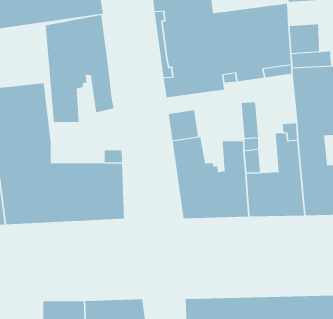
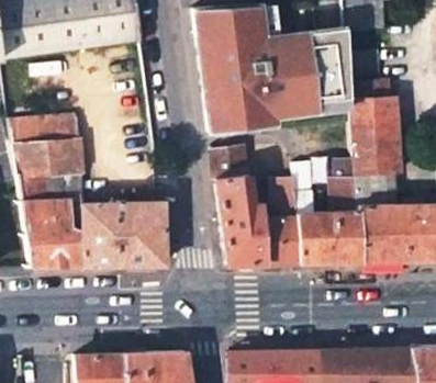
building: [45,14,114,123] -> none

